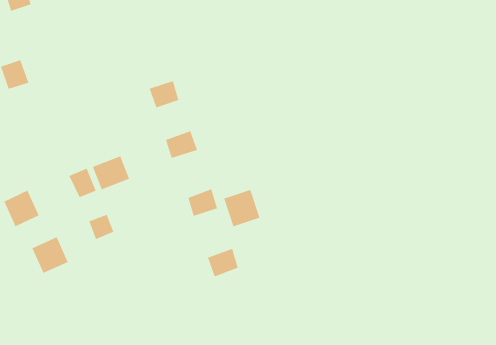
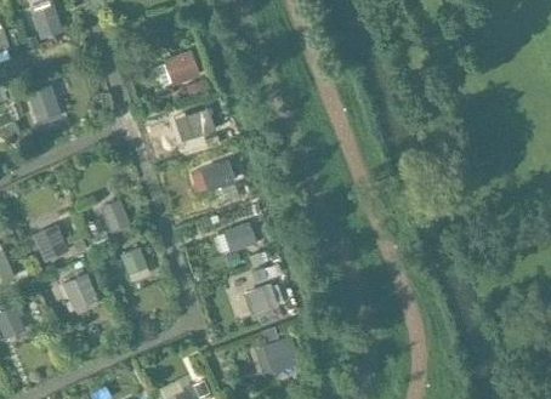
building: none -> [164,50,199,84]
building: [92,156,130,190] -> none
building: [224,189,260,227] -> none
building: none -> [262,335,300,371]

